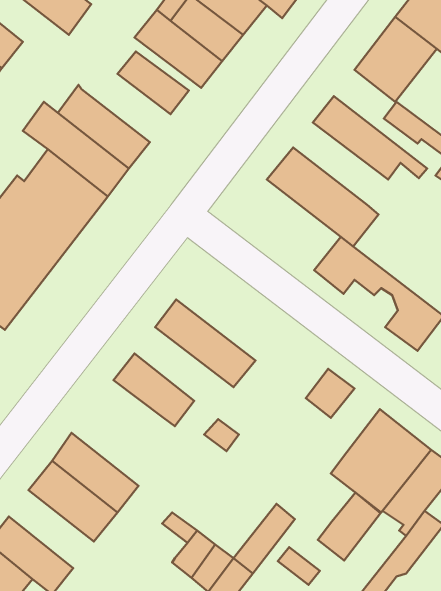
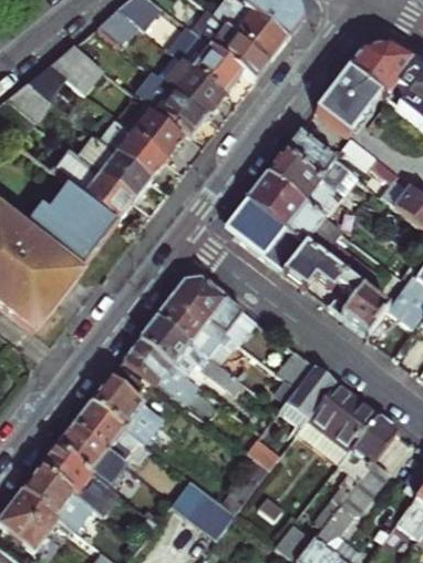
building: none -> [100,103,171,167]
building: none -> [268,152,343,217]
building: none -> [233,197,306,269]
building: none -> [175,277,256,341]
building: none -> [142,315,237,386]
building: none -> [92,357,165,441]
building: none -> [42,444,110,509]
building: [318,492,381,561] -> [287,364,337,418]

